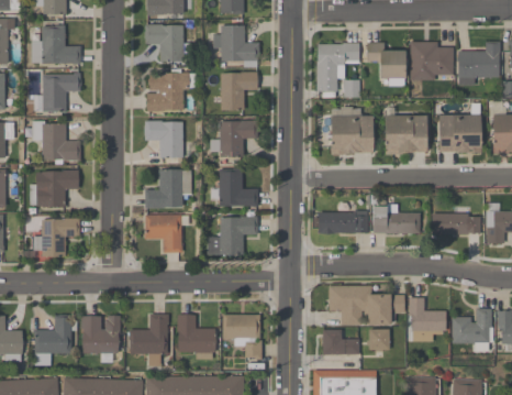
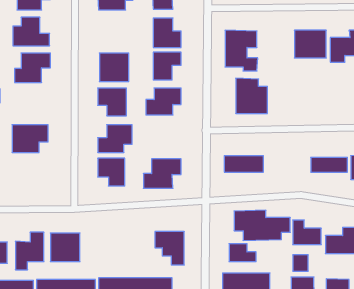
building: [145,24,183,61] -> none
building: [367,43,405,86] -> none
building: [385,114,427,153] -> none
building: [437,114,479,153] -> none
building: [33,121,81,161] -> none
building: [218,168,258,206] -> none
building: [372,208,420,233] -> none
building: [38,219,80,257] -> none
building: [130,314,168,354] -> none
building: [178,314,215,359] -> none
building: [368,328,389,350] -> [293,255,308,271]

